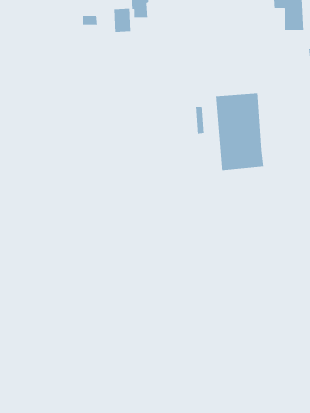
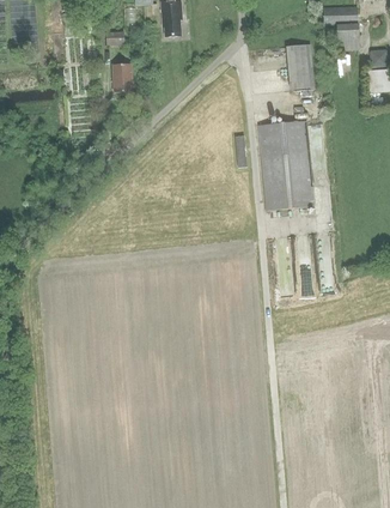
building: [114,8,131,33] -> [111,62,132,91]
building: none -> [286,43,313,89]

